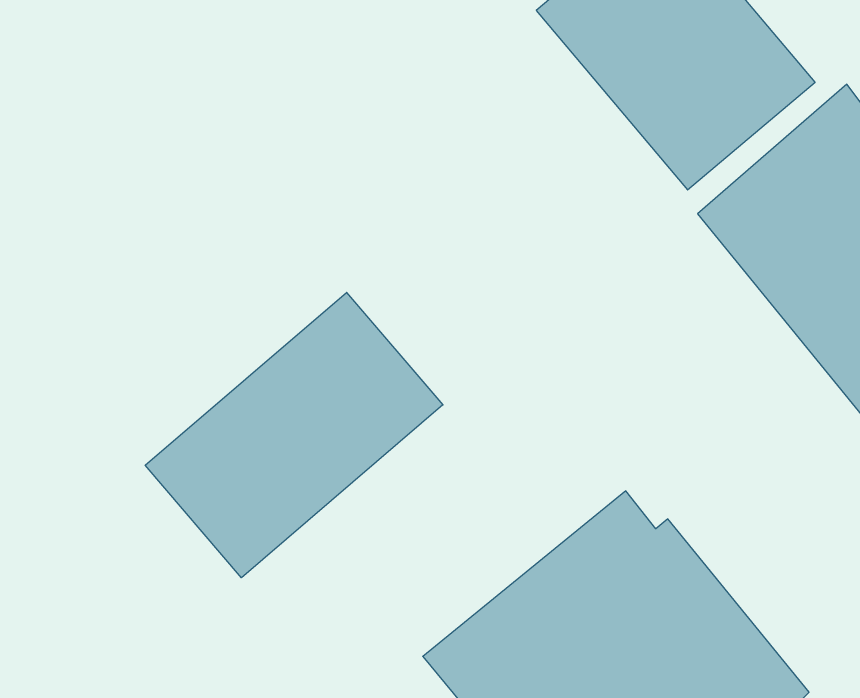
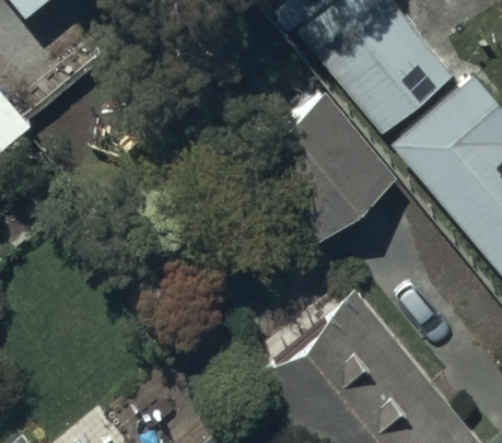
building: none -> [241,95,399,253]
building: [145,292,443,578] -> none

